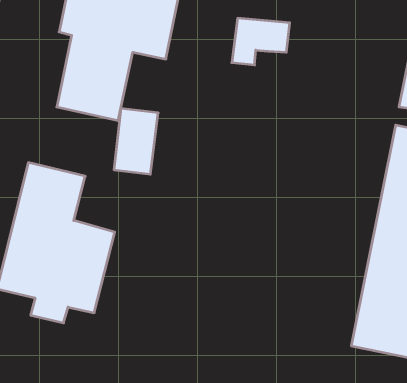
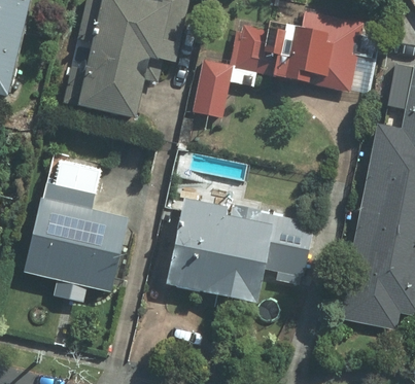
building: none -> [267,29,357,92]
building: [114,108,158,174] -> [193,57,233,116]
building: none -> [166,200,314,302]

